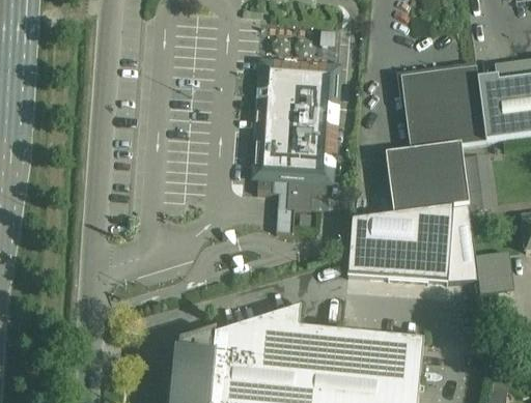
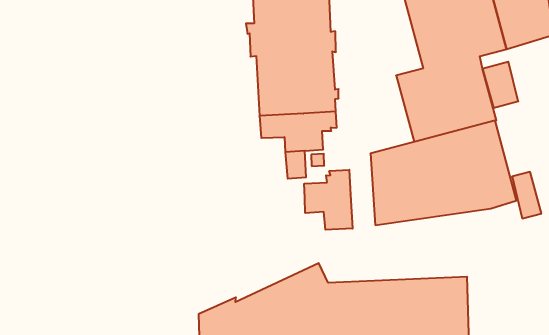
building: none -> [304,170,353,230]

